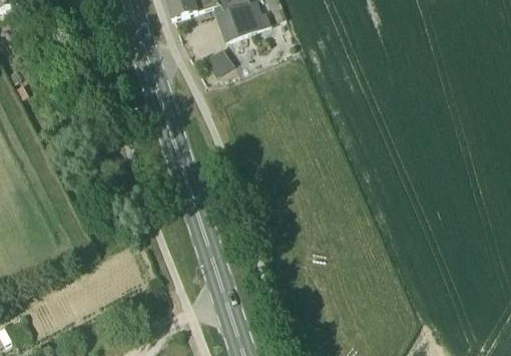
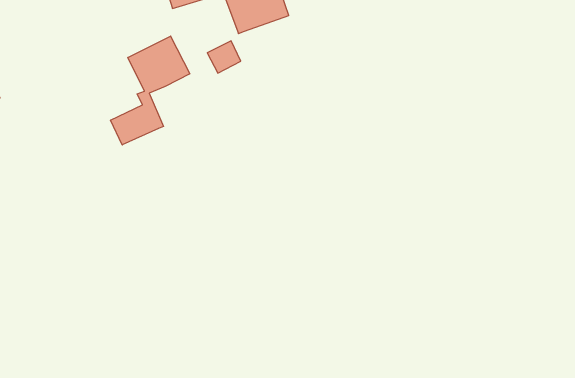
building: none -> [111,36,190,145]

